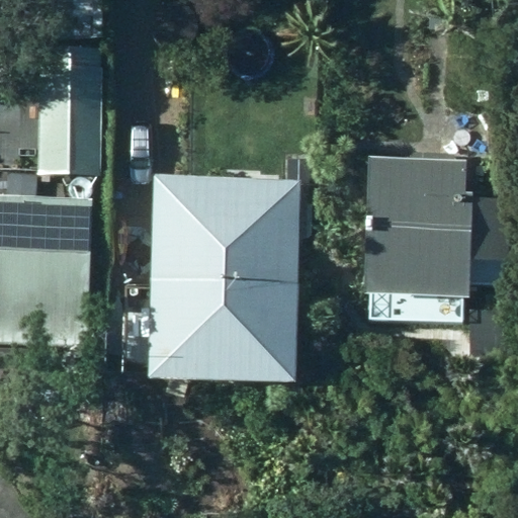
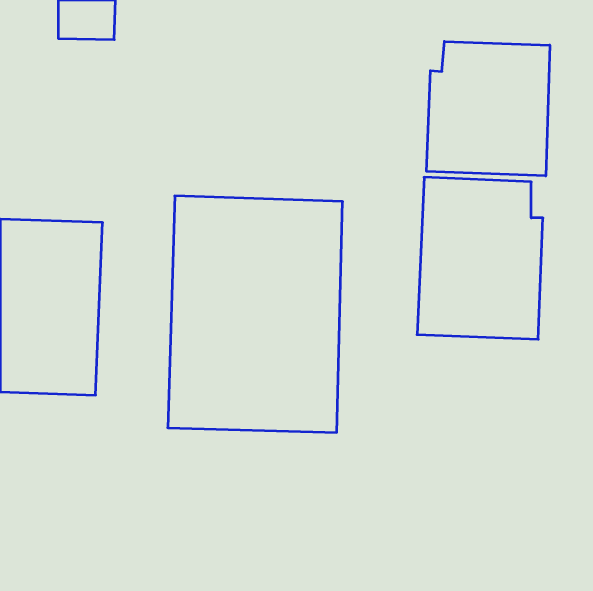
building: none -> [427,41,550,176]
building: [38,49,100,175] -> none

